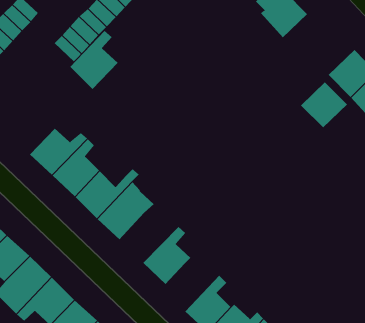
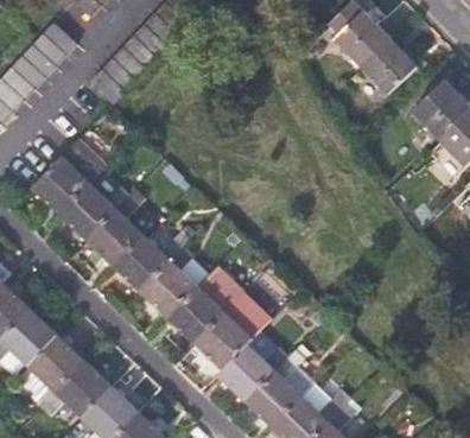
building: [70,30,118,90] -> [31,138,89,209]
building: [300,82,348,128] -> [361,42,418,97]
building: none -> [166,279,236,338]
building: none -> [216,339,285,396]

